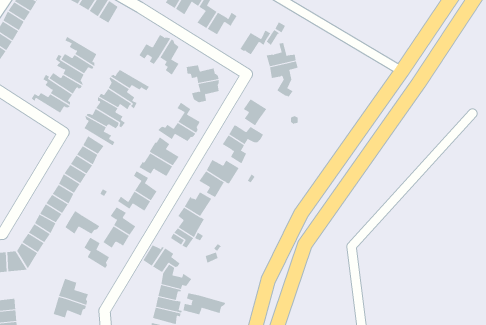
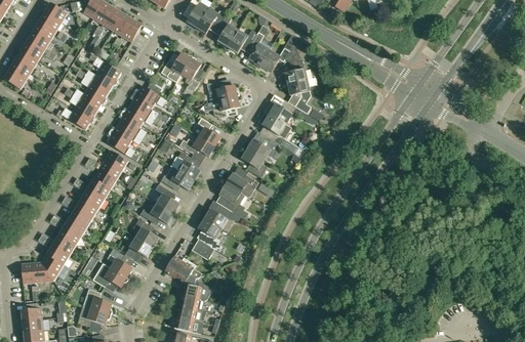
building: none -> [247,25,269,66]
building: none -> [269,99,304,124]
building: [64,210,100,235] -> [93,263,128,287]
building: [183,293,226,315] -> none

